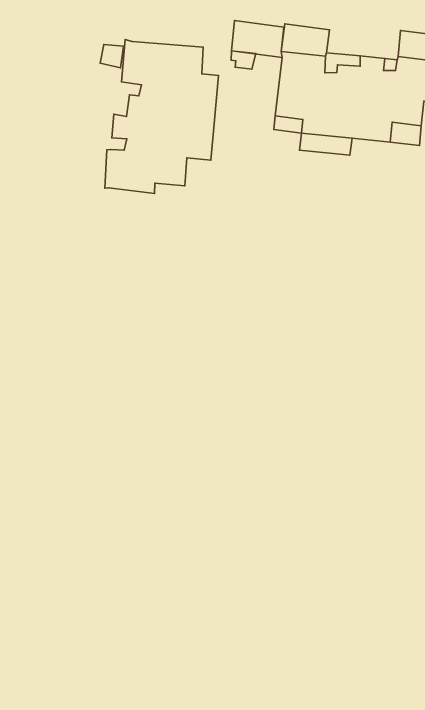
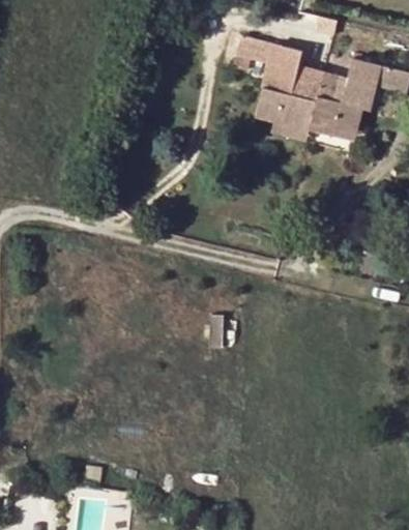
building: [105,40,219,193] -> none

